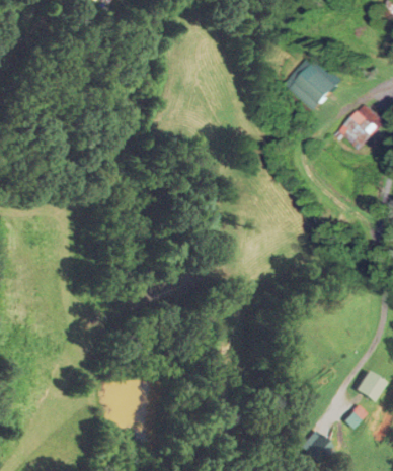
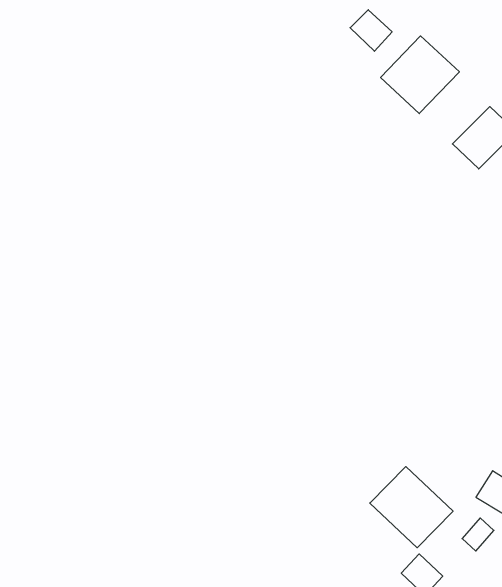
building: none -> [350,10,392,51]
building: none -> [370,467,453,548]

